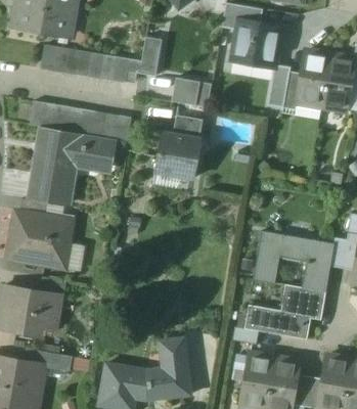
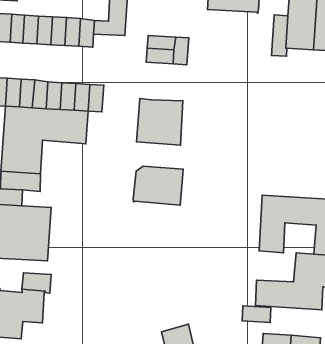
building: [266,66,289,108] -> none
building: [172,116,202,140] -> none
building: none -> [133,166,183,205]

